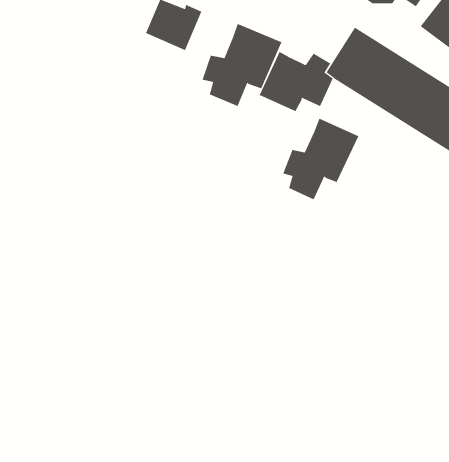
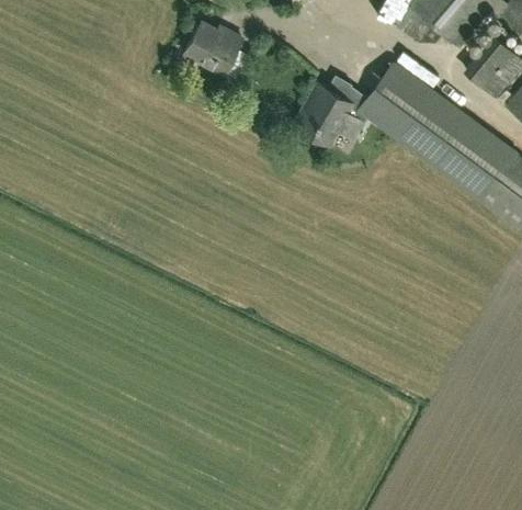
building: [202,23,282,107] -> none
building: [282,118,359,200] -> none

